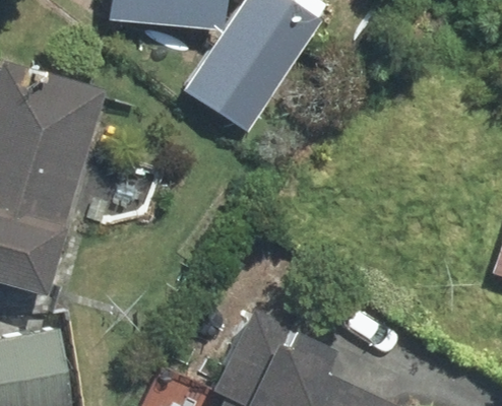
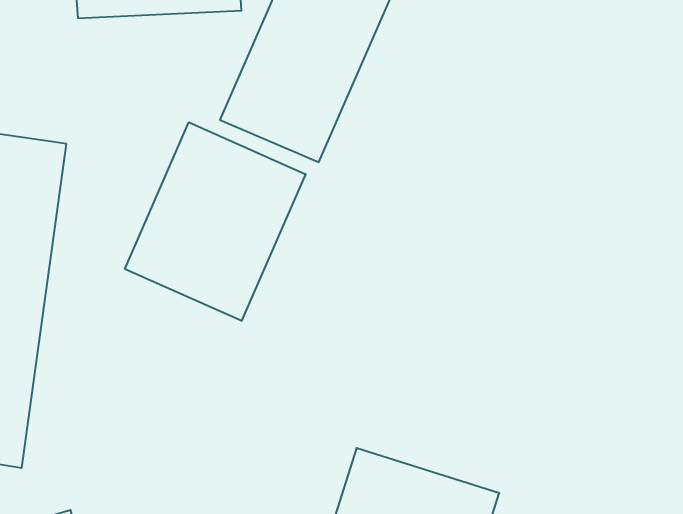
building: none -> [125,122,306,321]

